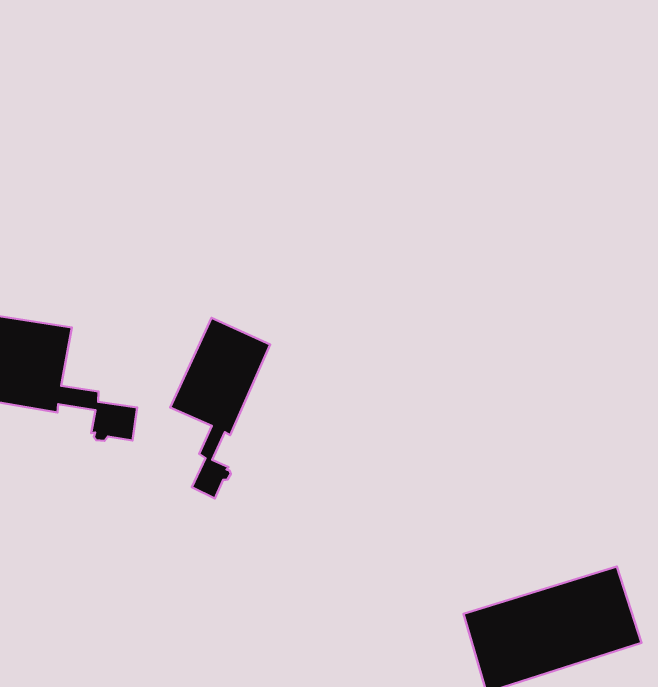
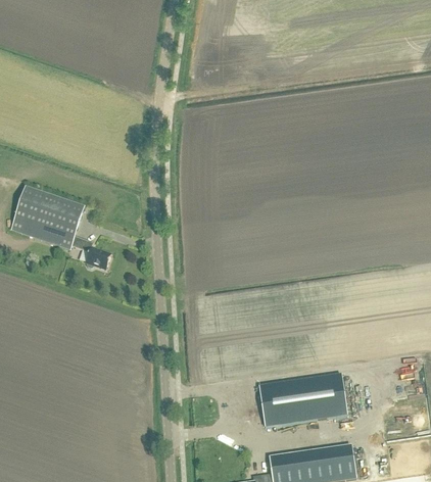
building: [170,318,270,499] -> none

